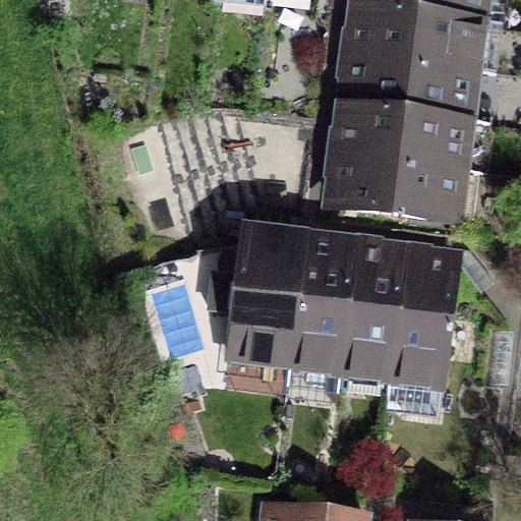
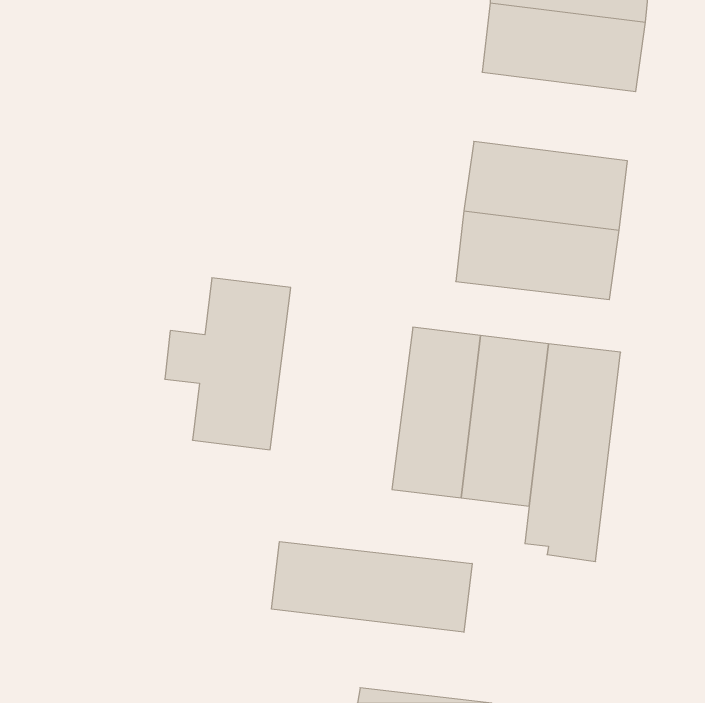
building: [350,53,469,118] -> none
building: [213,233,305,359] -> [165,278,291,450]
building: none -> [272,542,472,632]

